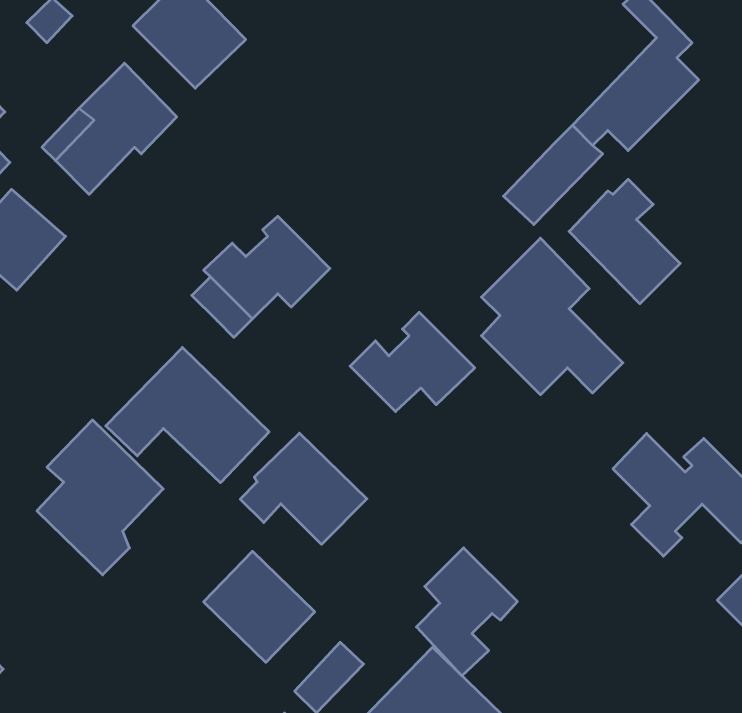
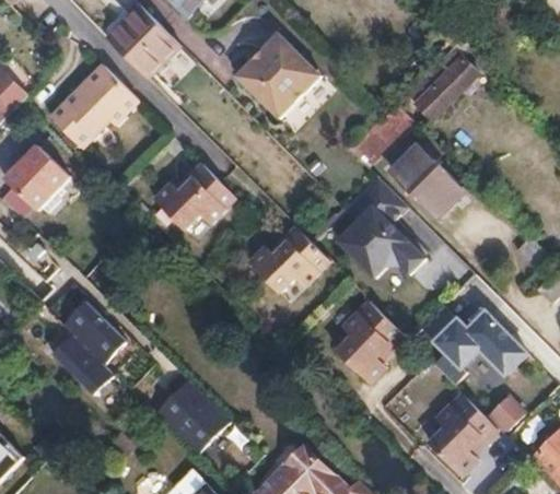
building: none -> [234,33,320,118]
building: [106,347,269,483] -> none
building: [240,433,367,544] -> none
building: [416,548,517,676] -> [338,299,404,383]
building: none -> [431,393,497,473]

